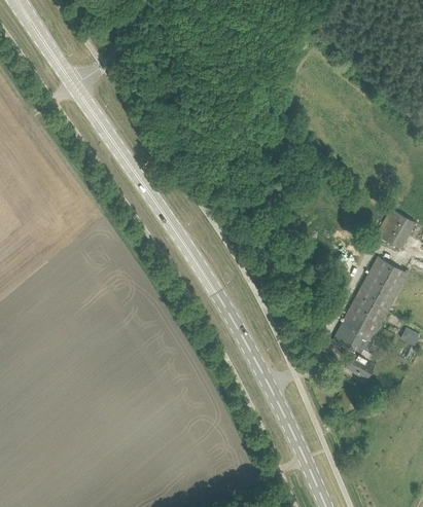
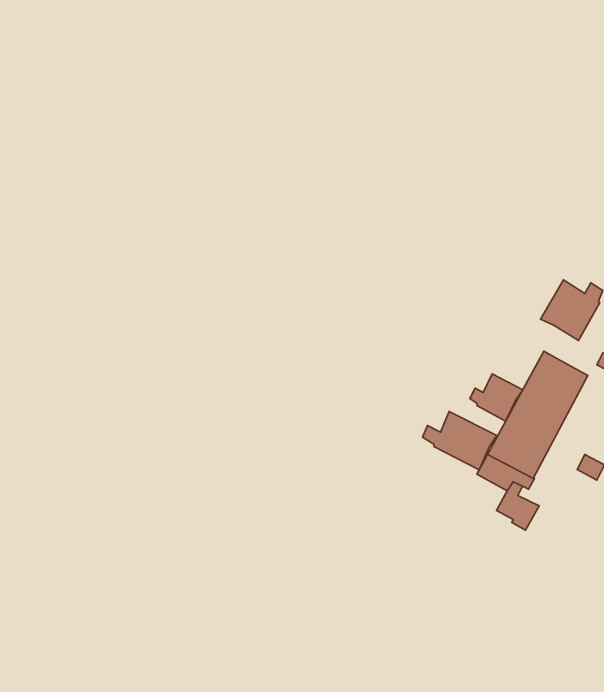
building: none -> [470,374,523,421]
building: none -> [423,411,497,470]

